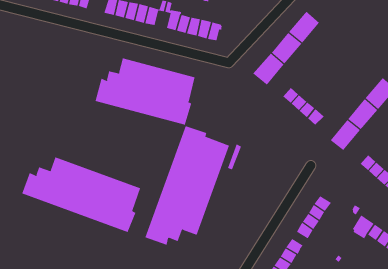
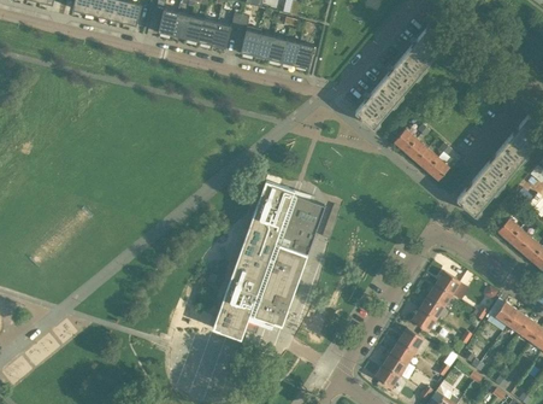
building: [95,58,195,125] -> none
building: [21,156,141,233] -> none

